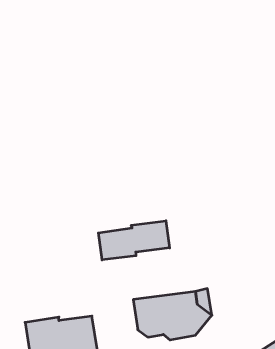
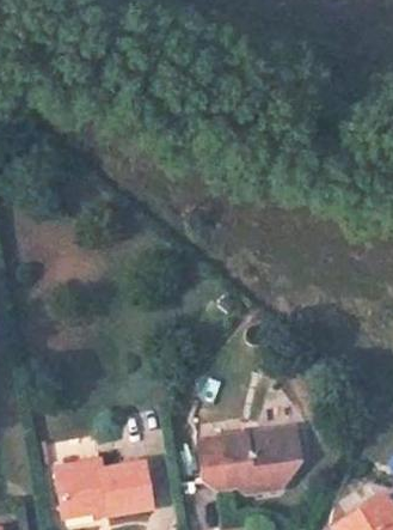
building: [98,221,170,260] -> none

